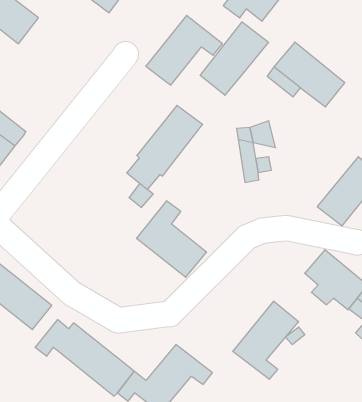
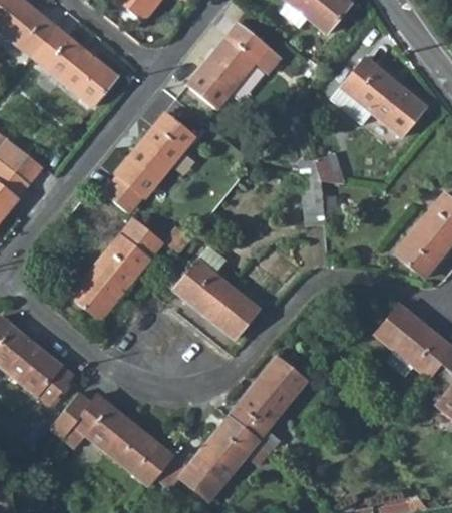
building: none -> [34,28,119,106]
building: [200,22,268,95] -> none
building: [127,105,203,189] -> [104,112,195,213]
building: none -> [72,217,164,319]
building: [233,301,299,379] -> [223,362,303,456]

